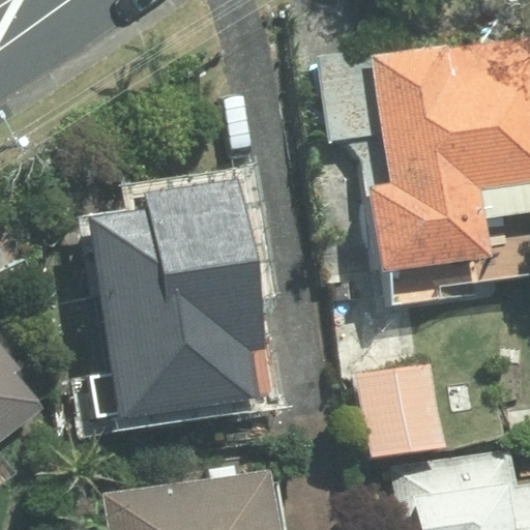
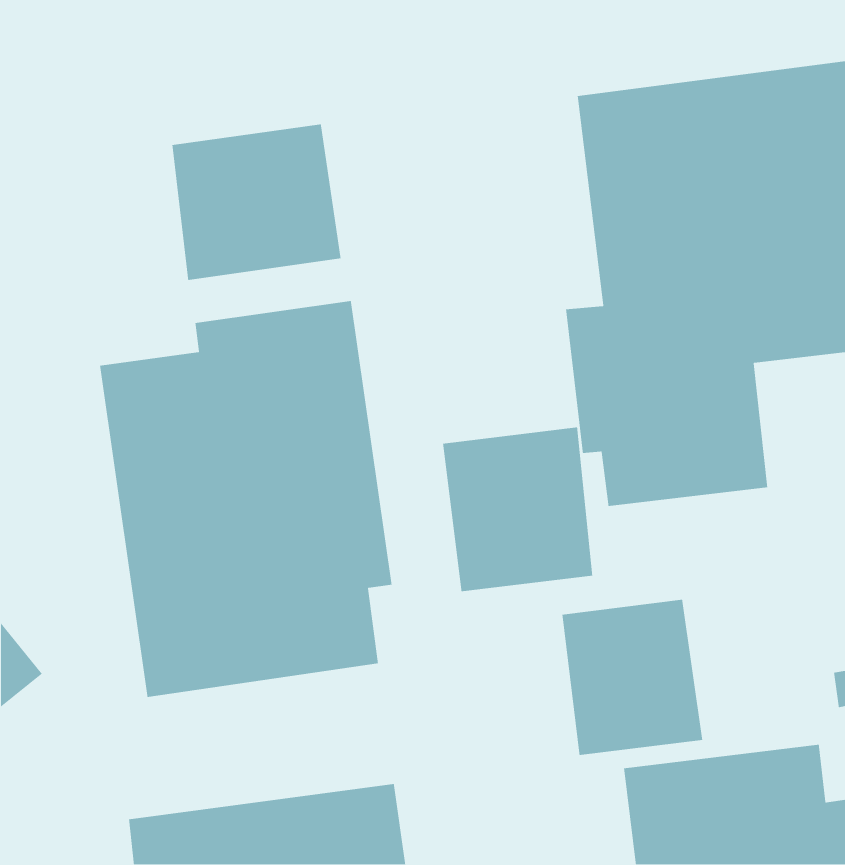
building: none -> [172,123,341,281]
building: none -> [442,426,593,592]

